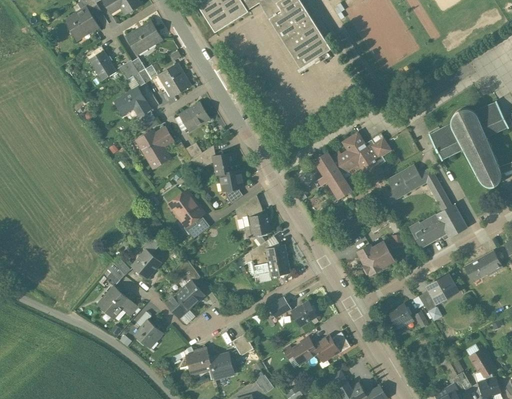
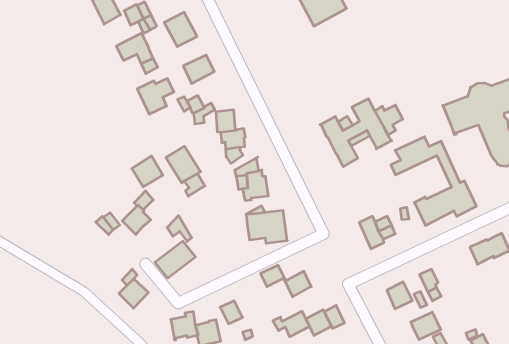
building: none -> [132,156,163,187]
building: [427,275,456,302] -> [411,312,441,340]
building: [98,287,129,317] -> none

